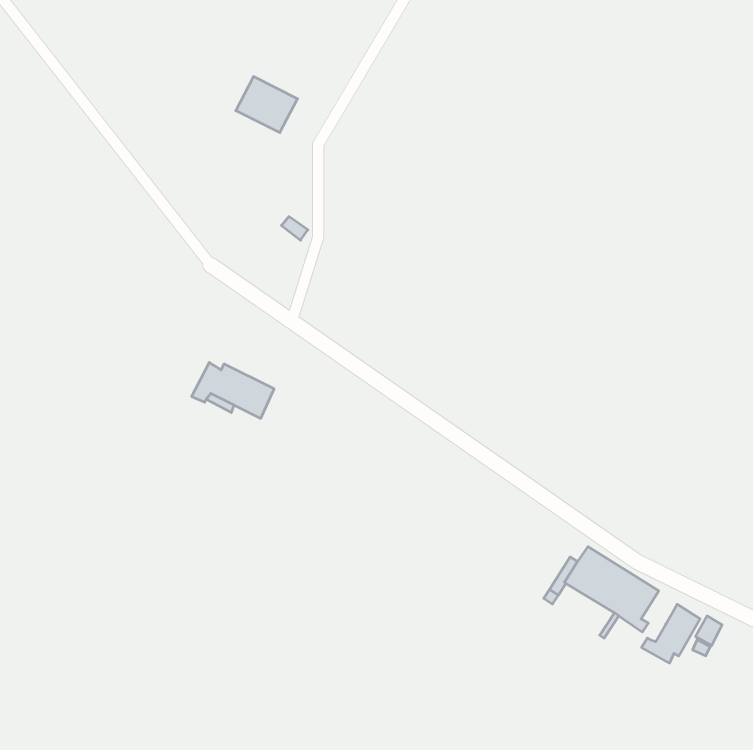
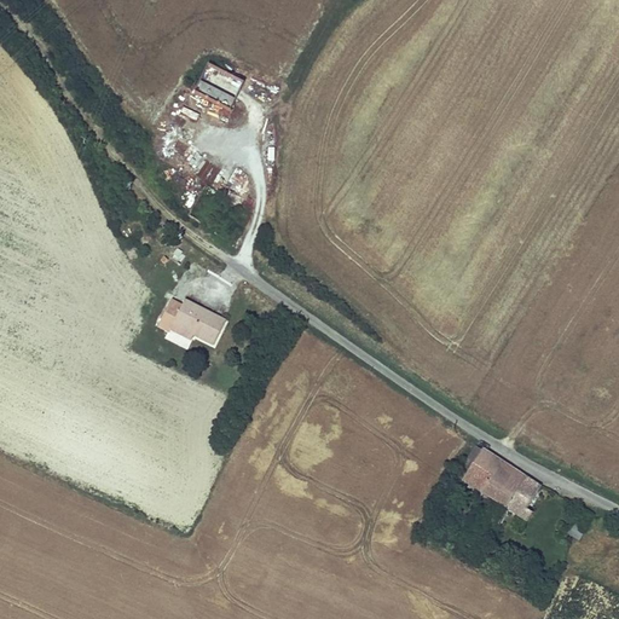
building: [642,604,700,663] -> none

